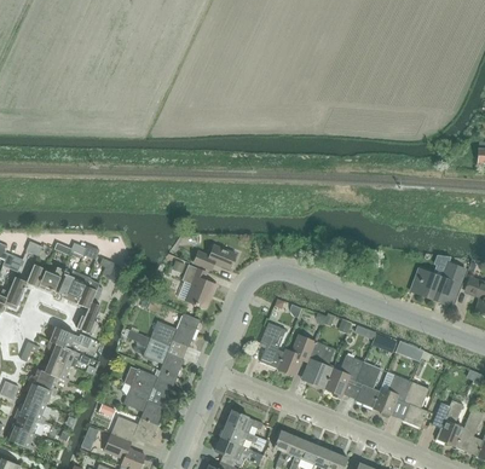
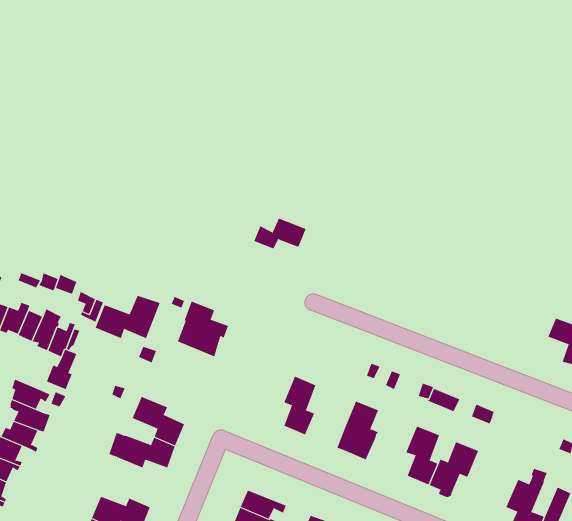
building: [195,245,236,270] -> [254,218,307,249]
building: [409,265,457,302] -> none
building: [150,313,201,347] -> [95,295,161,339]
building: [277,335,316,376] -> none
building: [324,354,363,398] -> none
building: [403,381,429,427] -> none
building: [121,383,164,424] -> none

